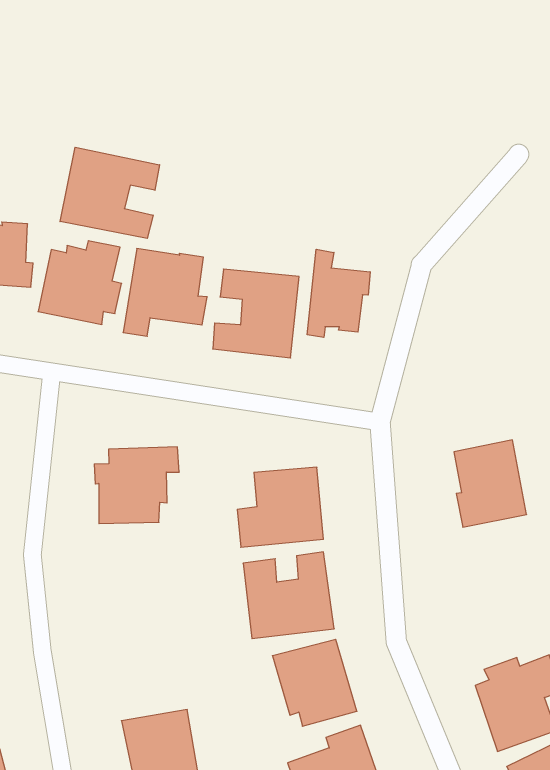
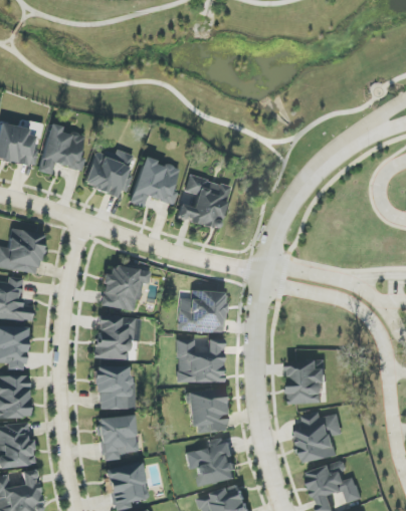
building: [60,147,160,238] -> none
building: [307,249,370,337] -> none
building: [454,440,527,527] -> [289,360,327,405]
building: none -> [95,315,138,359]
building: none -> [95,366,134,409]

